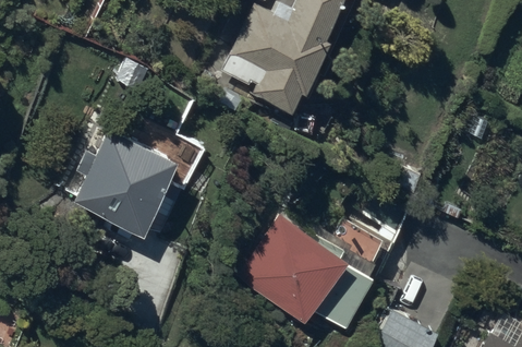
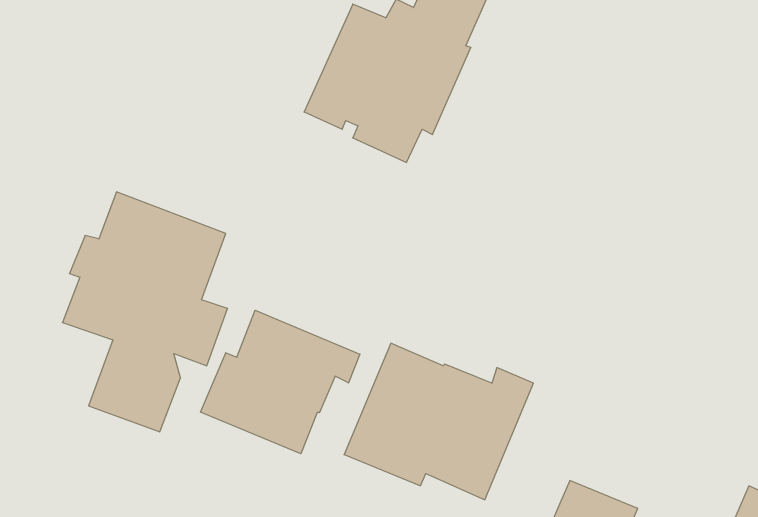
building: none -> [200,310,360,454]

